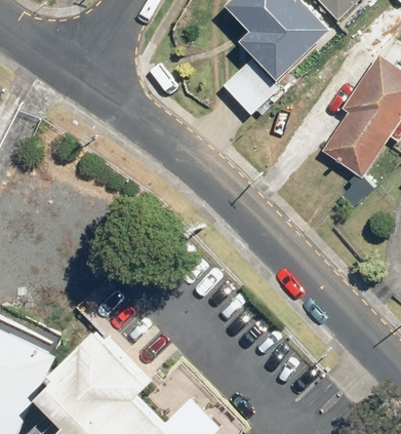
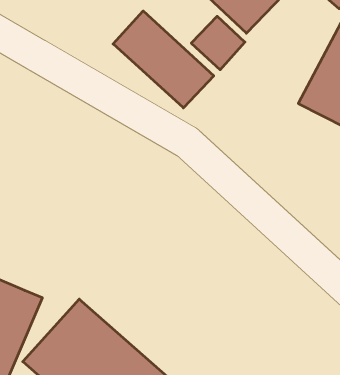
building: none -> [113,11,214,108]

